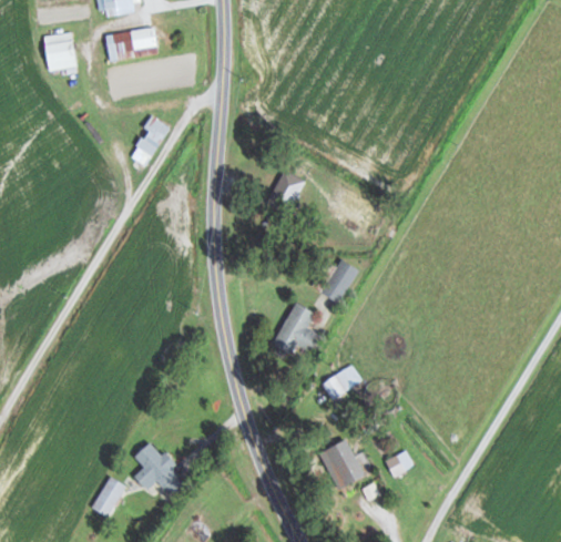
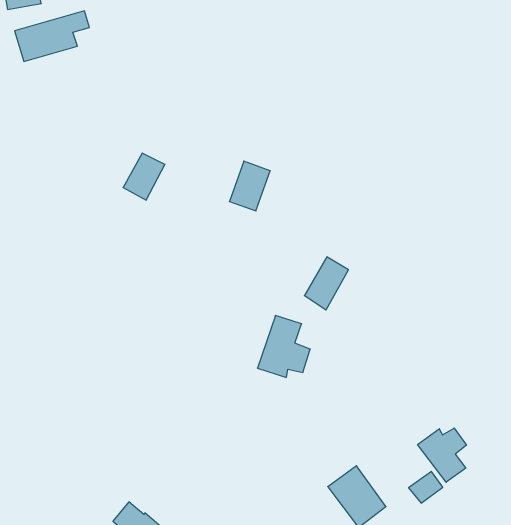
building: [132,116,170,156] -> [123,153,165,200]
building: [322,364,361,400] -> none
building: none -> [418,428,466,482]

